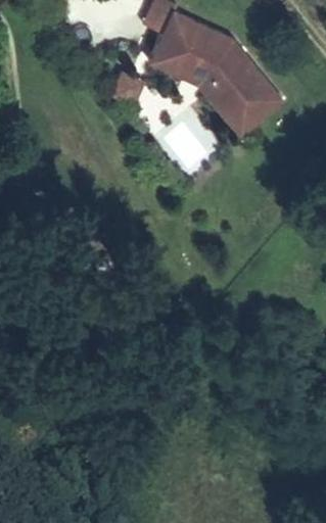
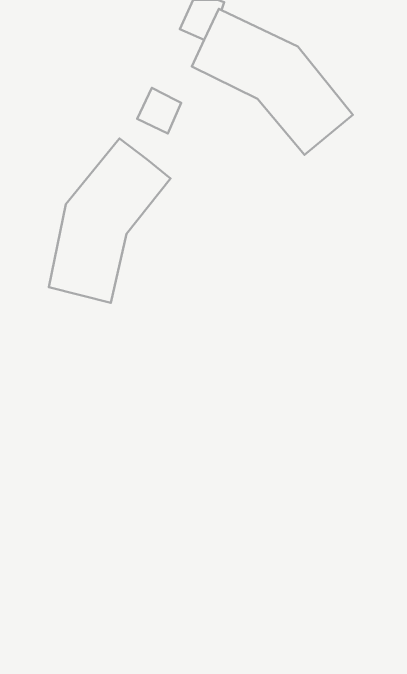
building: [148,54,283,137] -> none
building: none -> [49,138,170,303]

